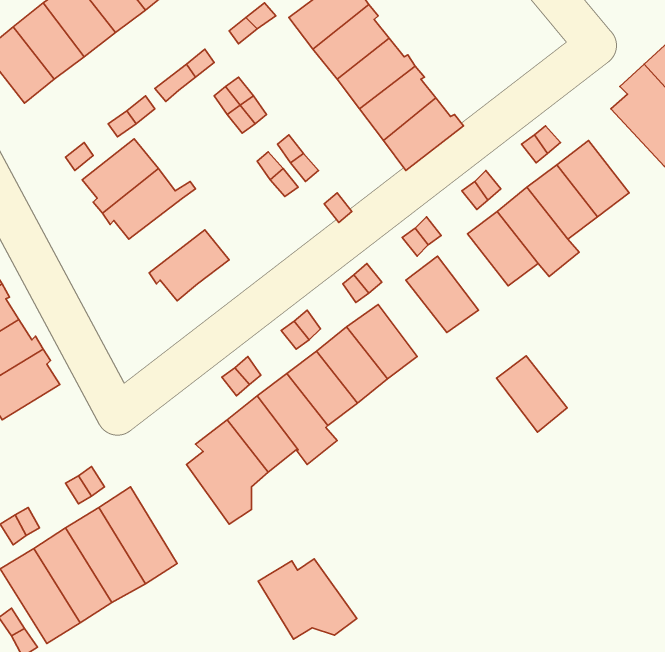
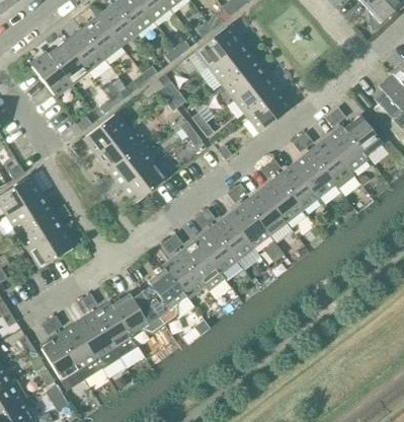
building: none -> [111,146,153,187]
building: none -> [247,191,285,232]
building: [496,356,567,432] -> [279,165,318,207]
building: [258,559,357,639] -> [112,291,166,335]

